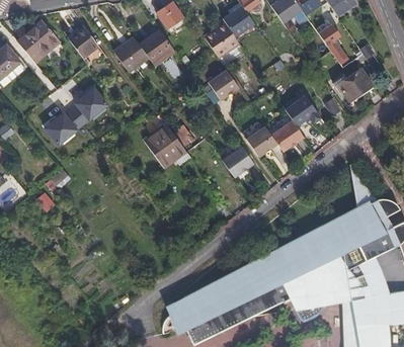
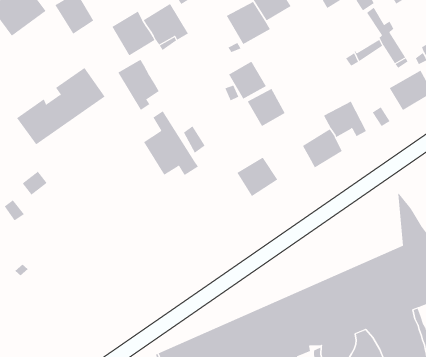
building: none -> [118,59,160,111]
building: [247,126,278,158] -> [247,88,285,127]

